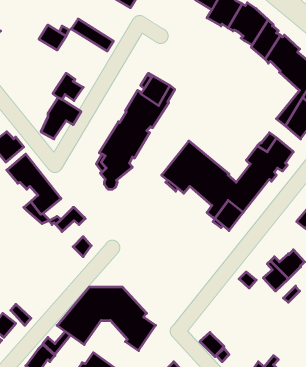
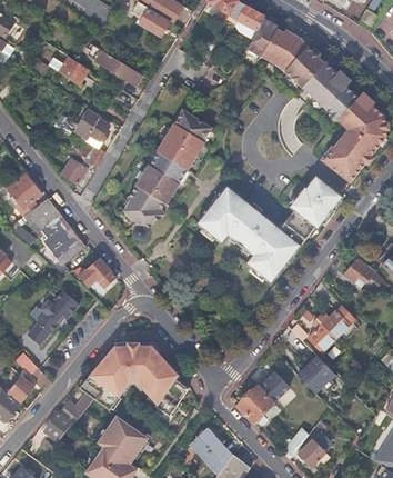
building: none -> [27,290,80,343]
building: none -> [299,356,334,392]
building: none -> [249,375,286,411]

